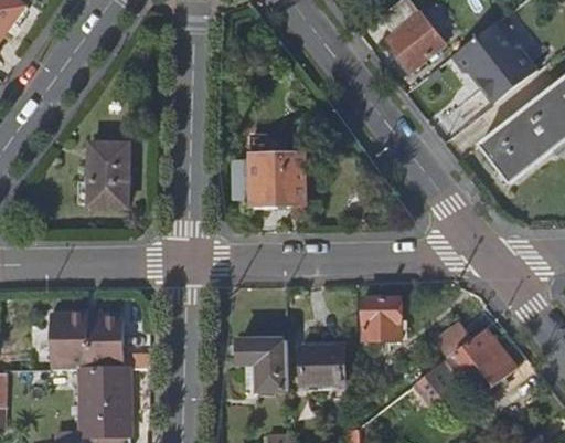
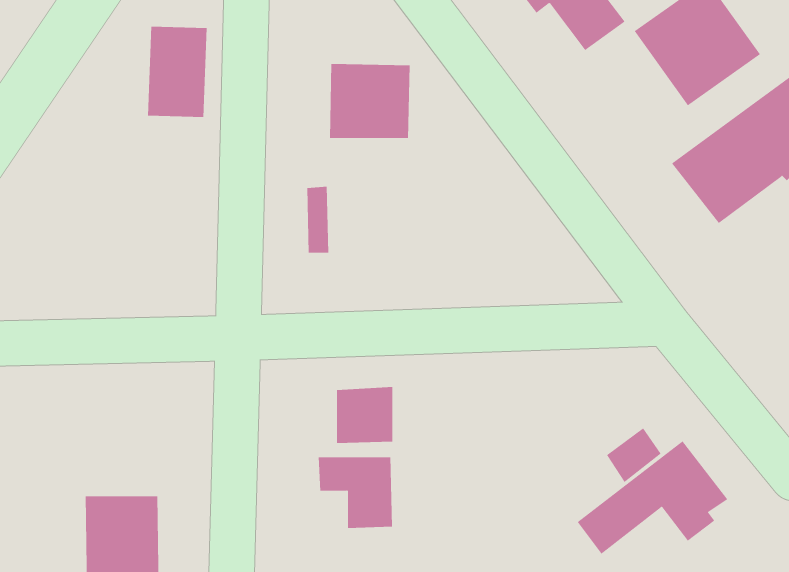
building: [89,140,130,202] -> [147,26,207,118]
building: [252,152,307,203] -> [329,63,410,138]
building: [363,296,407,340] -> none
building: [47,308,122,359] -> none
building: [303,346,342,384] -> [336,387,393,444]

